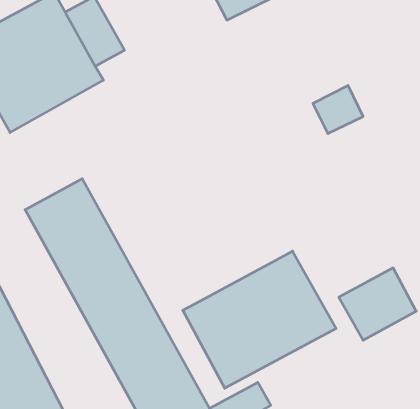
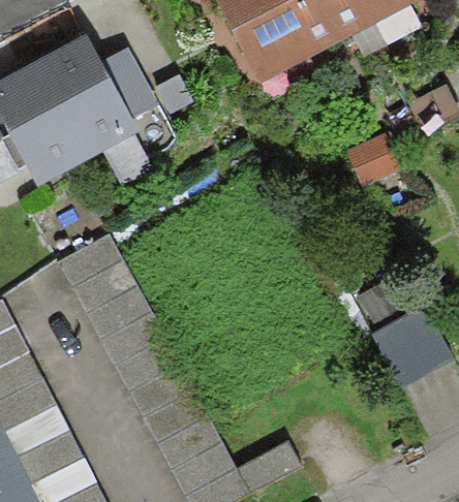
building: [183,251,336,388] -> none

